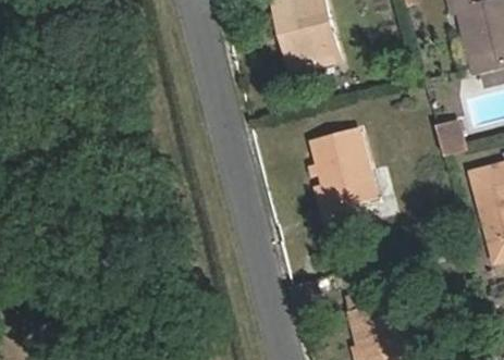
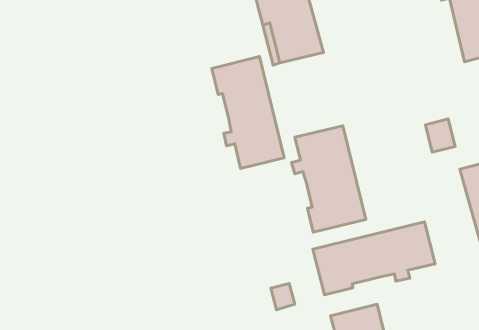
building: none -> [212,57,284,169]
building: none -> [313,222,435,295]

